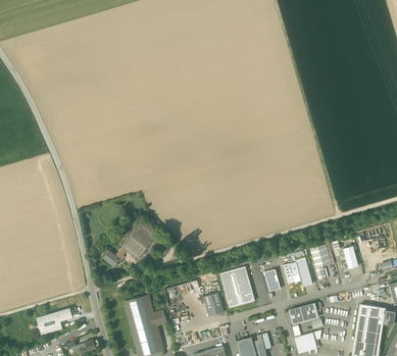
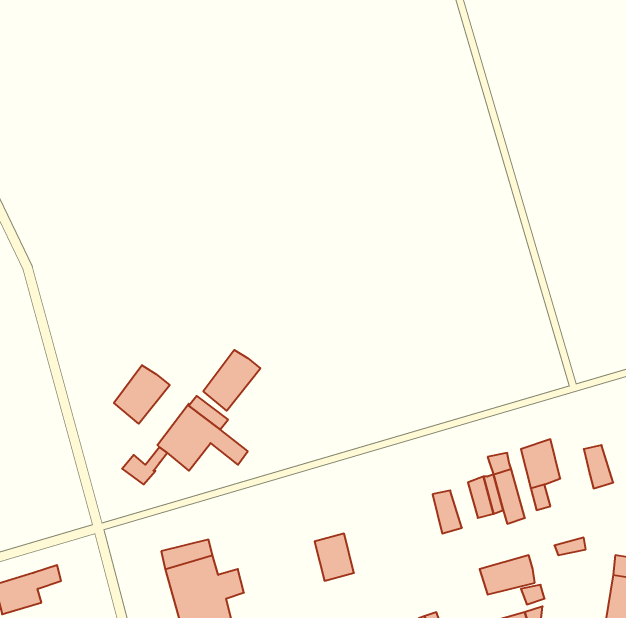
building: none -> [203,350,260,411]
building: none -> [114,365,170,424]
building: [219,266,255,308] -> none

